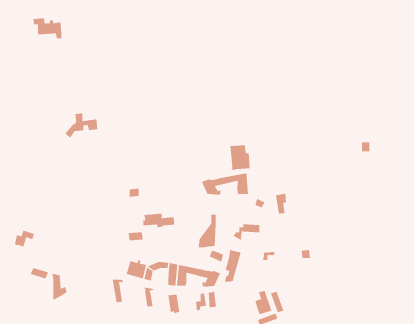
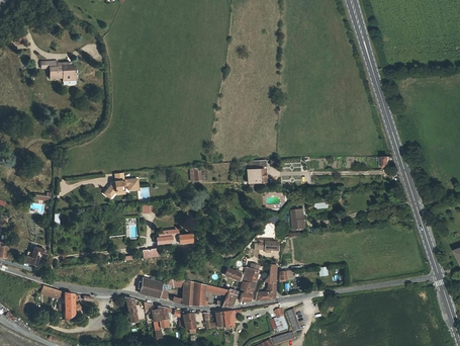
building: [32,18,62,39] -> [44,61,75,82]
building: [65,113,98,139] -> [104,172,139,198]
building: [201,173,249,196] -> none
building: [198,214,217,248] -> [256,265,275,299]

